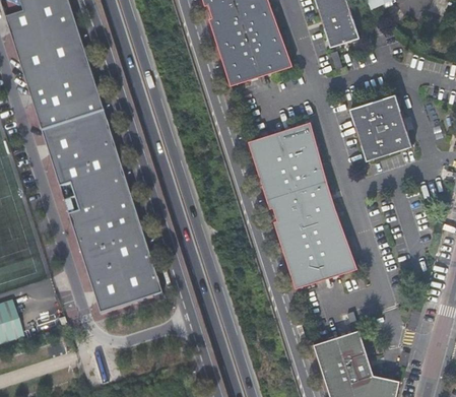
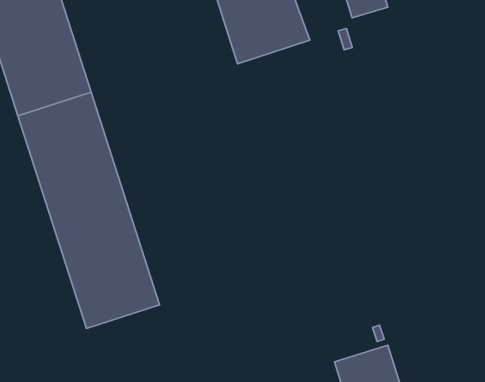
building: [349,95,406,161] -> none
building: [248,121,356,287] -> none

